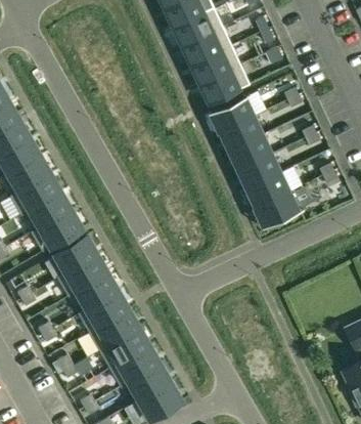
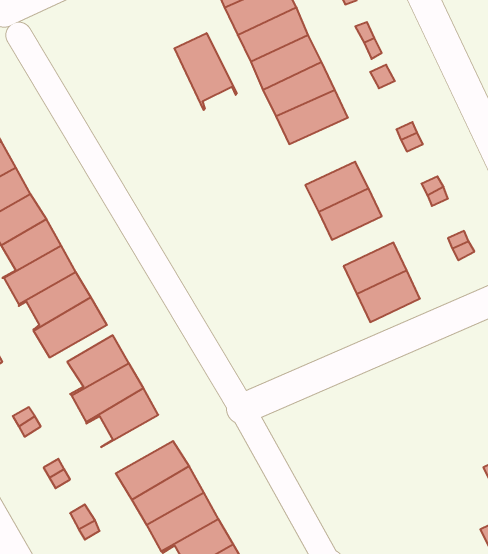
building: none -> [174,33,237,110]
building: [211,95,255,131] -> none
building: [238,153,281,187] -> none
building: [78,291,128,332] -> none

